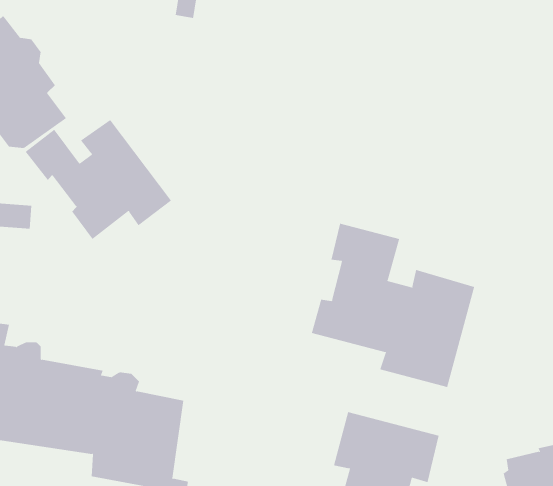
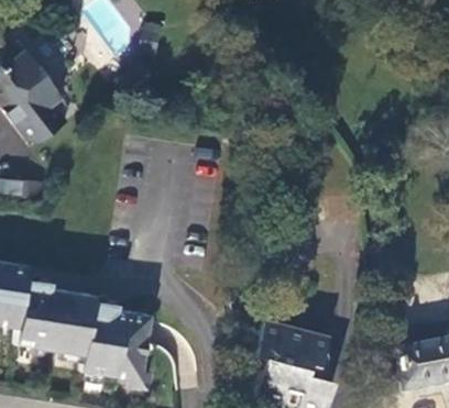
building: [25,119,172,240] -> none
building: [311,223,475,388] -> none

